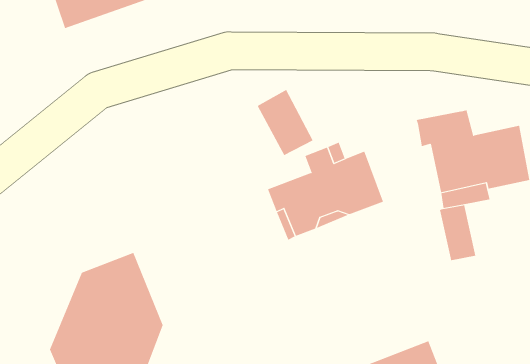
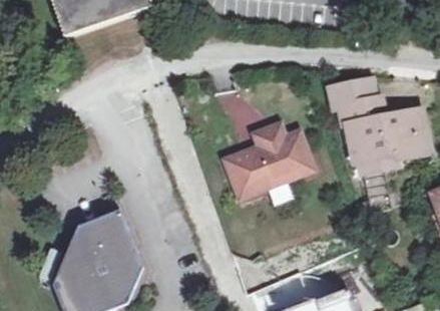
building: none -> [329,78,376,109]

